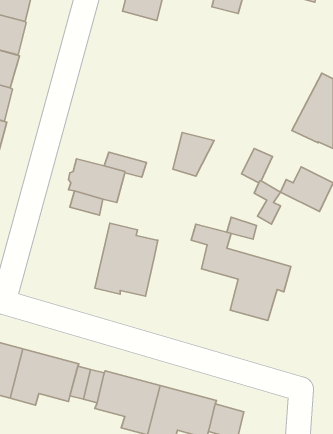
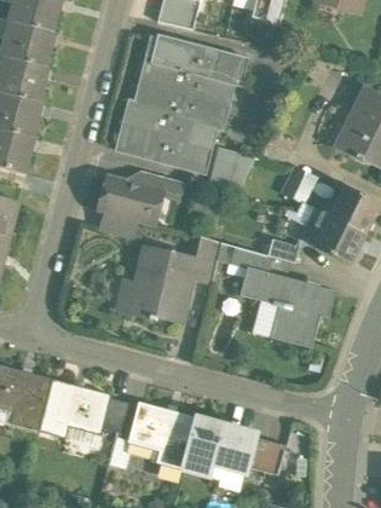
building: none -> [117,35,243,171]
building: none -> [313,212,364,262]
building: none -> [190,236,219,284]

